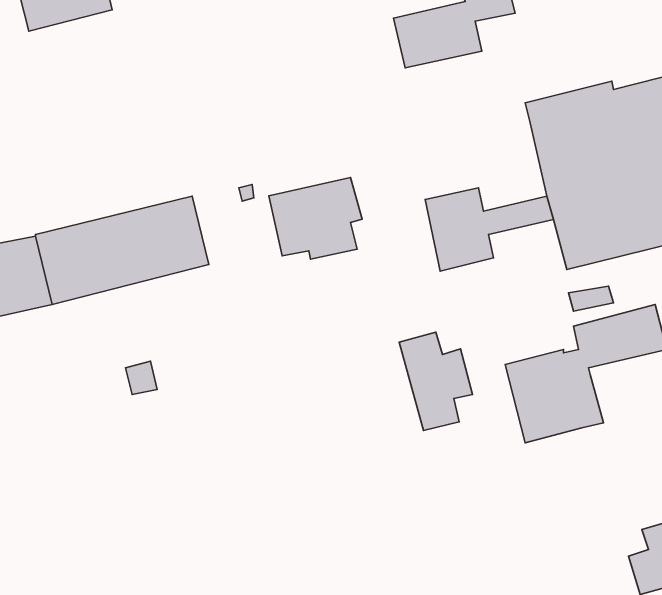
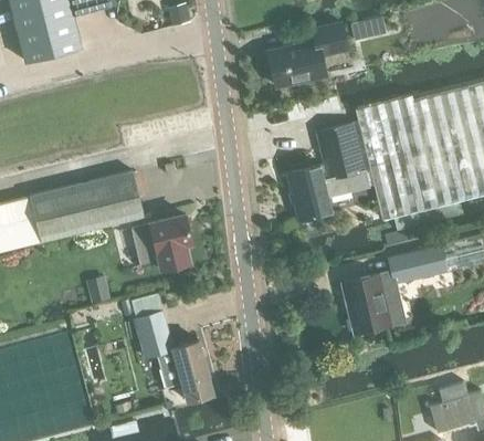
building: none -> [316,123,369,181]
building: [269,177,362,259] -> [131,216,193,270]
building: [399,332,472,431] -> none
building: none -> [131,294,213,400]

